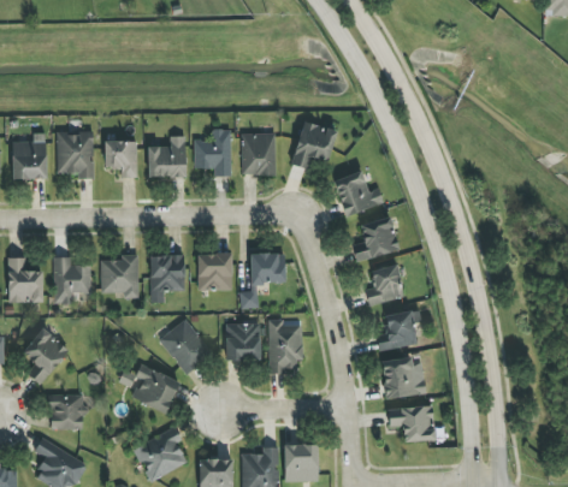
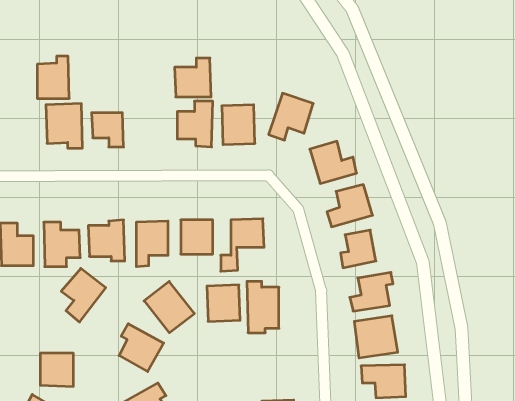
building: [12,133,46,178] -> [37,56,69,98]
building: [147,136,185,177] -> [175,58,211,97]
building: [22,328,69,385] -> [61,268,106,322]

